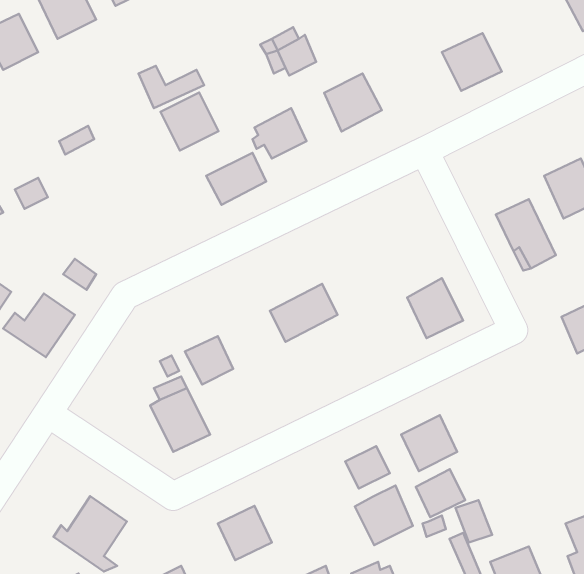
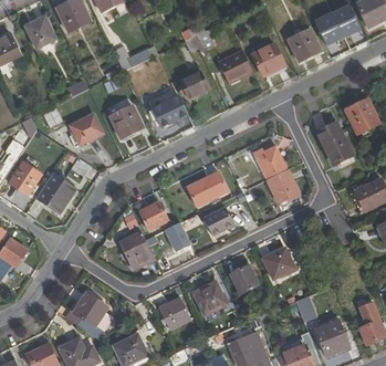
building: none -> [324,13,355,44]
building: none -> [252,43,284,75]
building: [161,93,219,151] -> [111,105,144,138]
building: none -> [70,114,103,147]
building: none -> [255,146,288,179]
building: none -> [202,203,233,232]
building: none -> [164,221,190,251]
building: [416,469,465,517] -> none
building: [355,485,413,545] -> [194,281,227,315]

